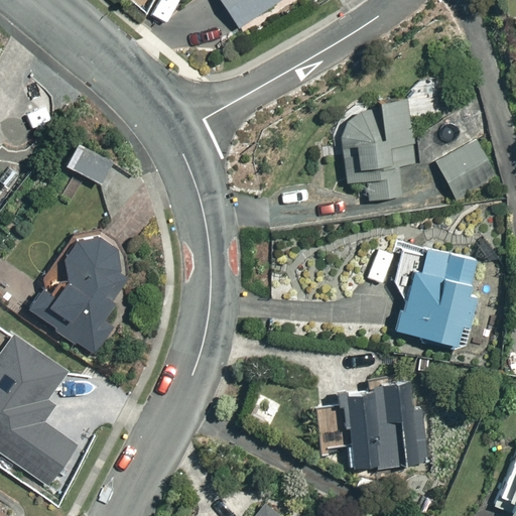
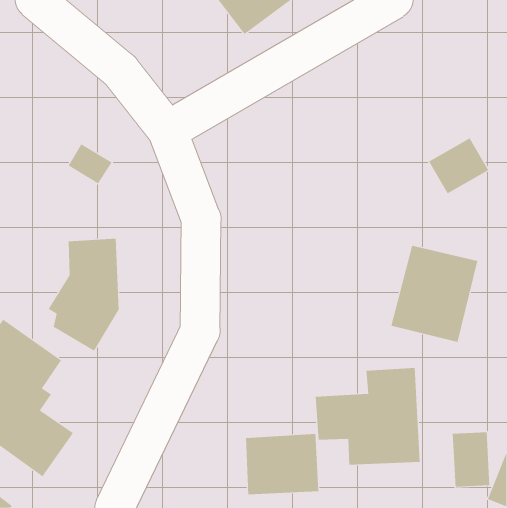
building: [342,93,416,201] -> none
building: none -> [452,431,490,488]
building: none -> [246,433,319,495]

